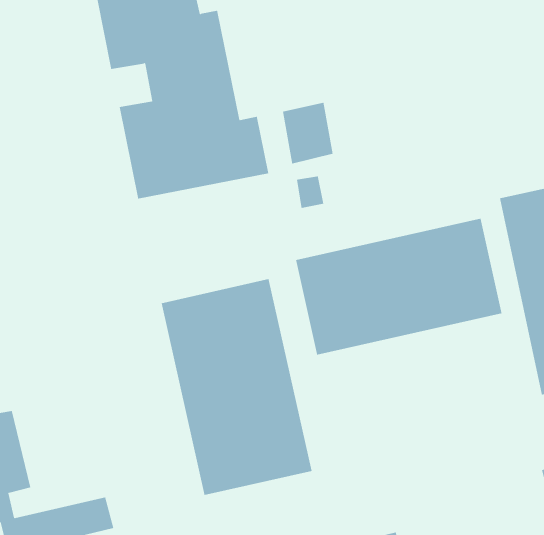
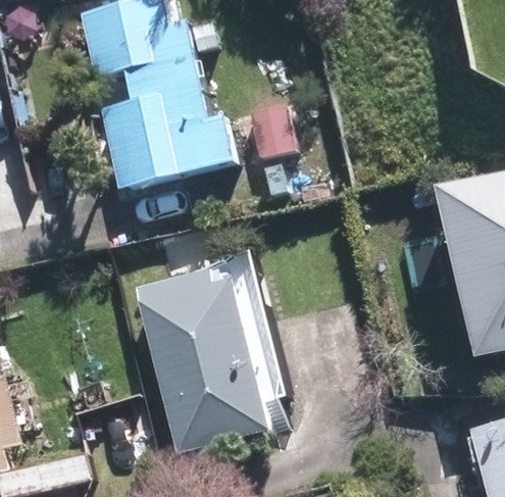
building: [295,218,502,355] -> none

